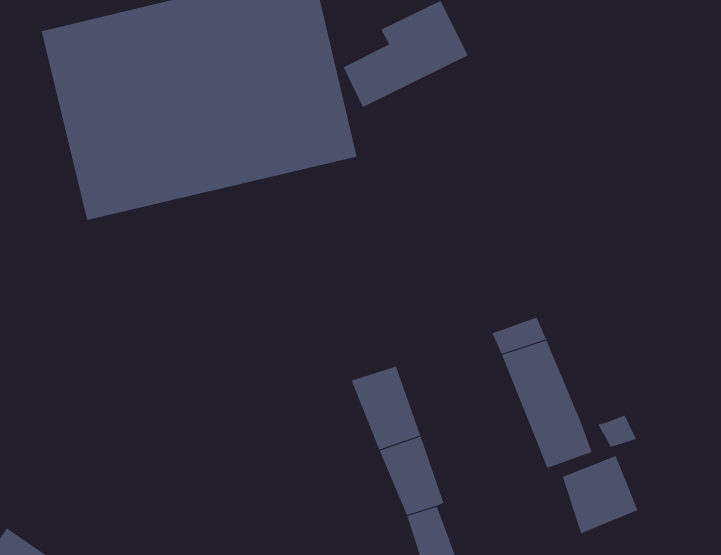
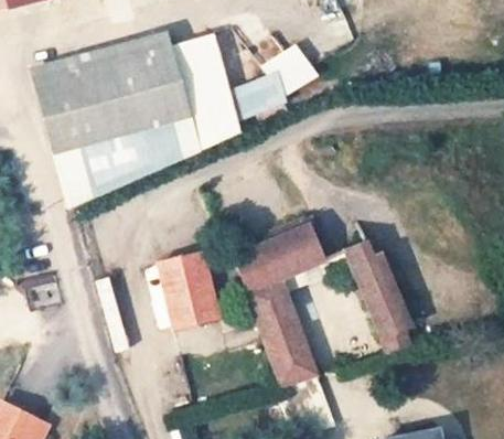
building: none -> [234,222,331,296]
building: none -> [156,250,216,328]
building: [562,455,638,534] -> none

